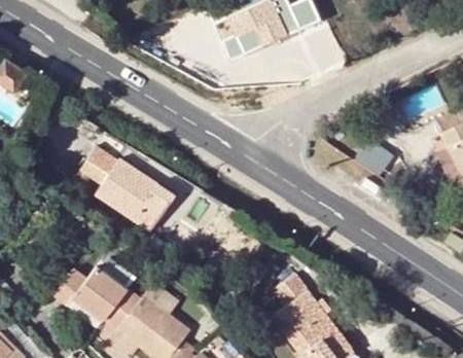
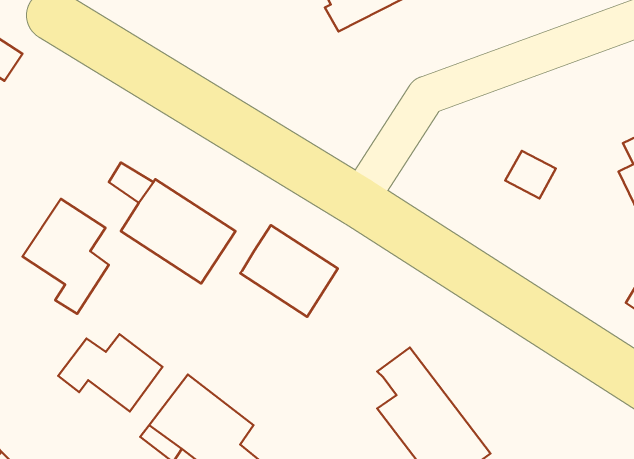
building: none -> [23,199,109,314]
building: none -> [240,225,338,317]

